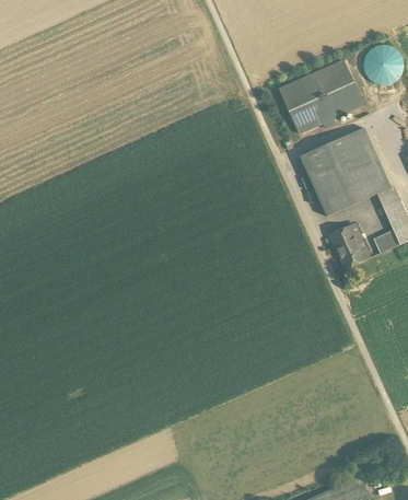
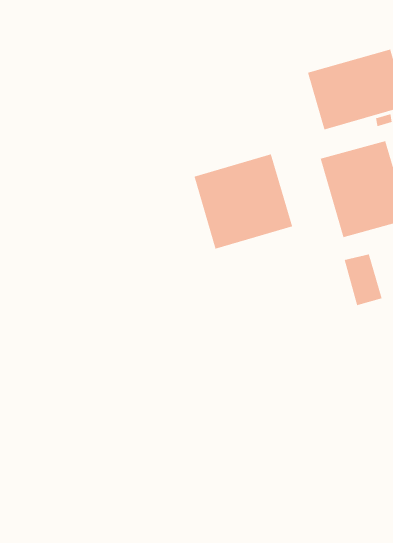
building: none -> [194,153,293,250]

